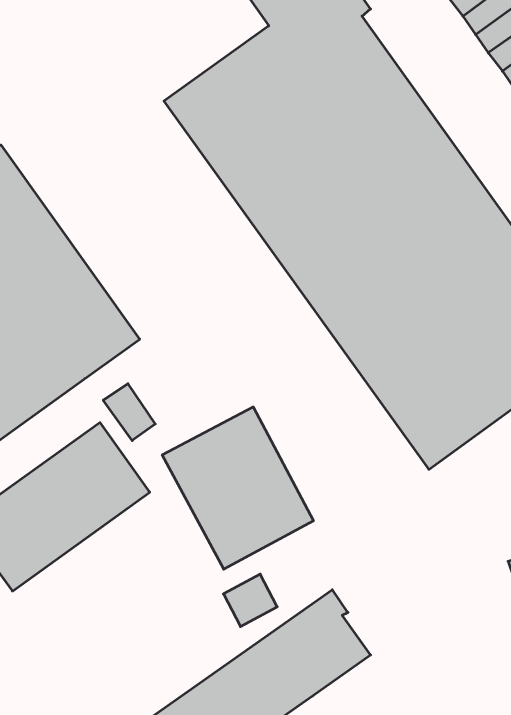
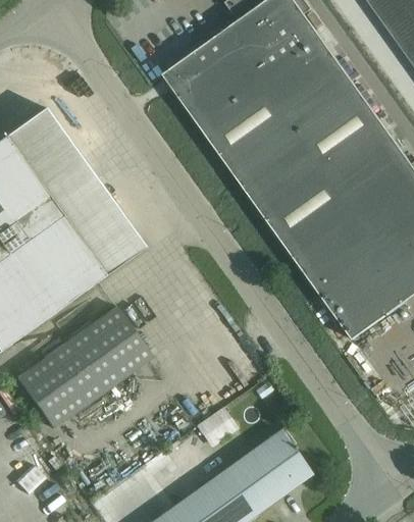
building: [103,384,155,441] -> none
building: [162,407,313,569] -> none

